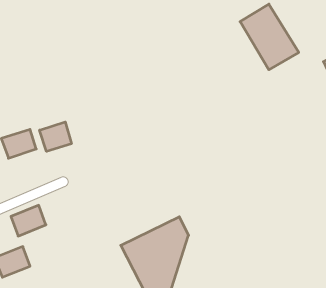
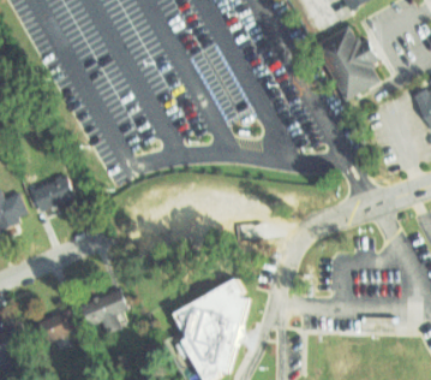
building: [40,122,71,151] -> none
building: [11,205,46,236] -> [82,291,122,327]

